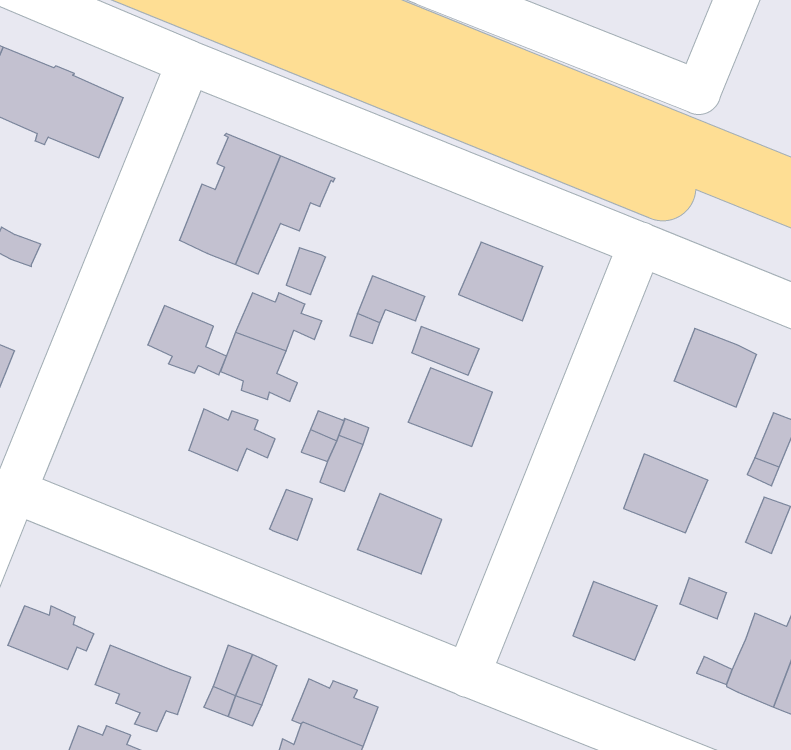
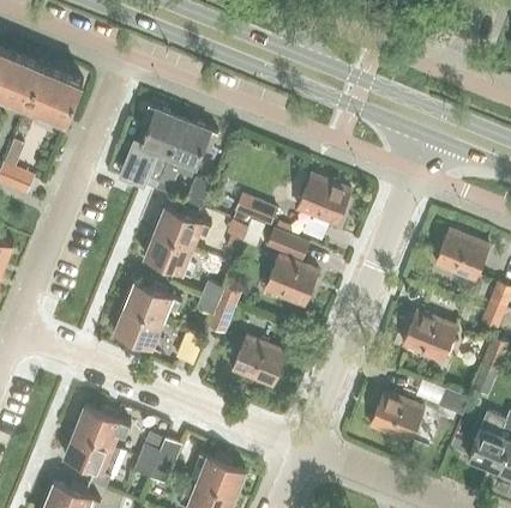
building: [148,306,226,375] -> [113,308,163,352]
building: [8,606,94,670] -> [73,407,128,448]

